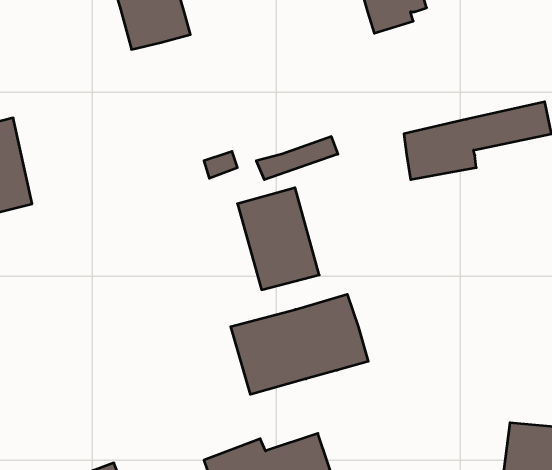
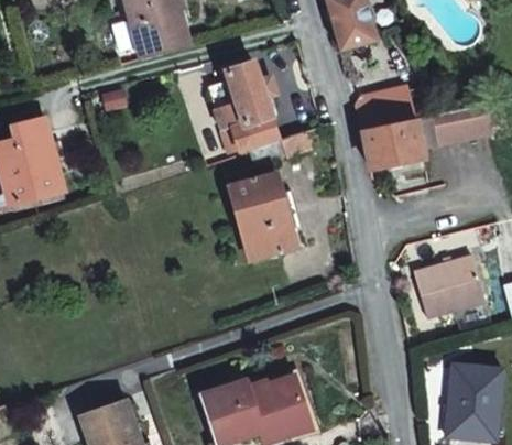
building: none -> [217,61,280,151]
building: none -> [357,82,417,130]
building: none -> [412,257,482,318]
building: [231,294,368,394] -> none

